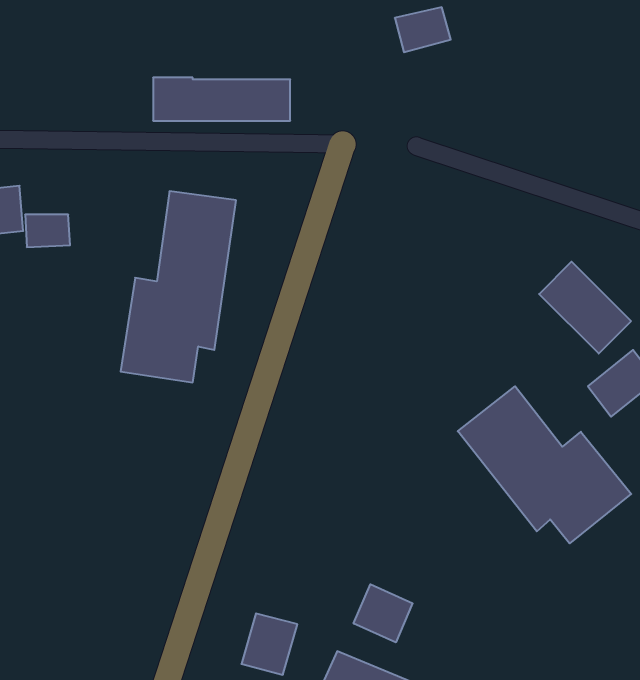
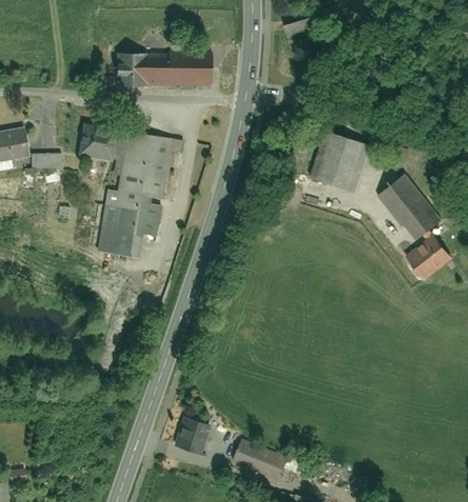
building: none -> [78,121,113,156]
building: none -> [314,130,370,193]
building: [458,386,631,543] -> none
building: [354,584,413,642] -> none

